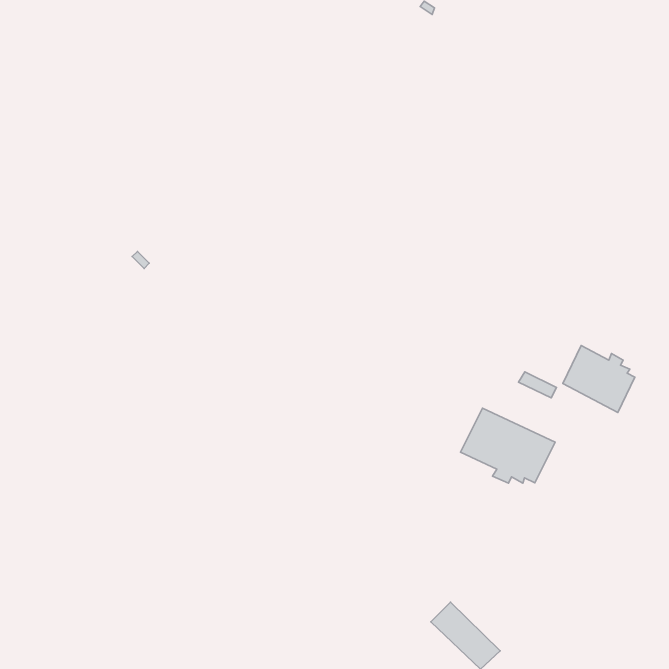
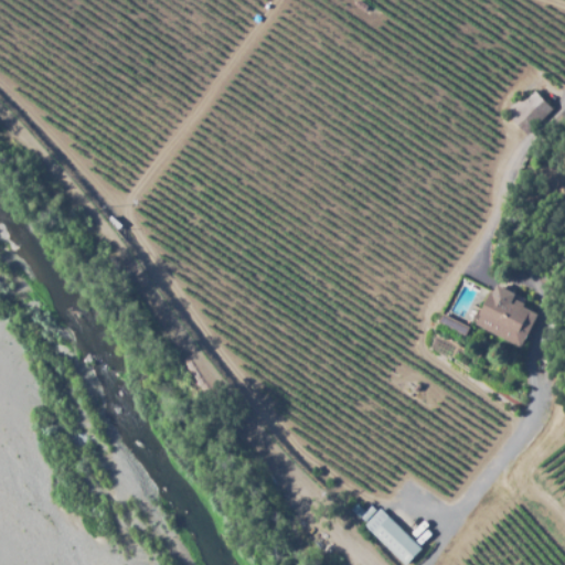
building: none -> [504,89,554,137]
building: [460,408,555,483] -> none

